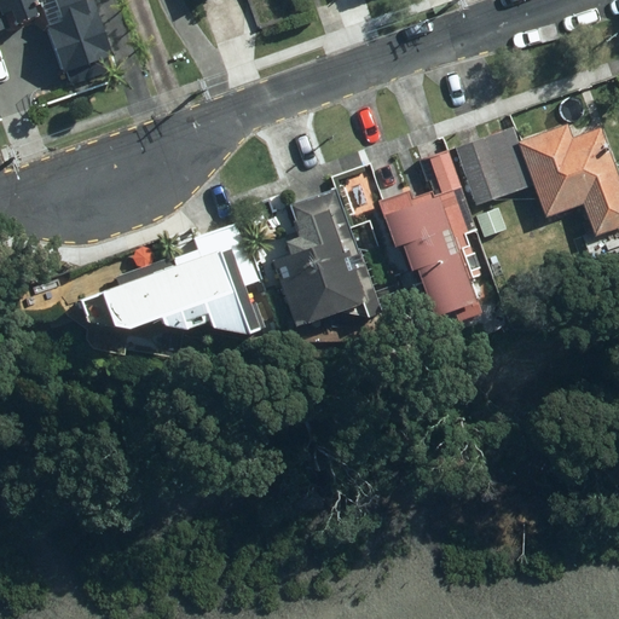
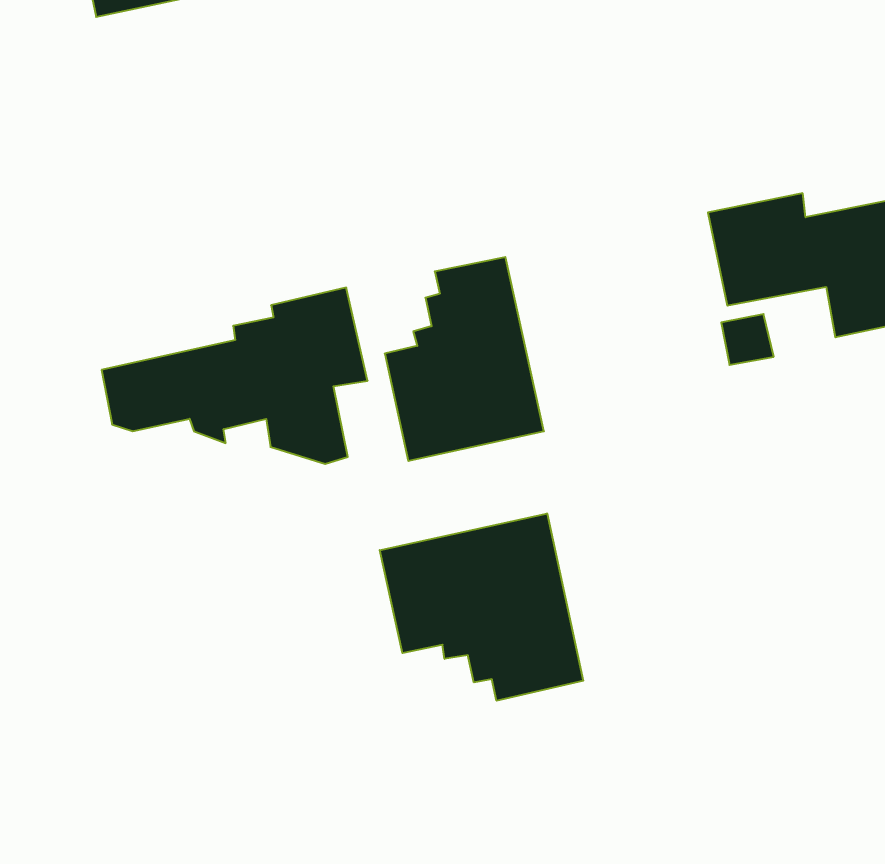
building: [378,152,484,319] -> none
building: none -> [380,513,583,701]

